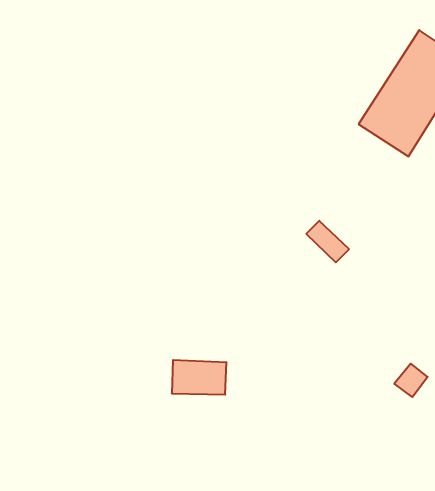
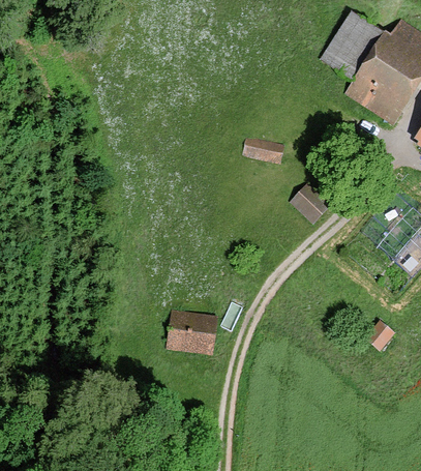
building: none -> [323,7,387,76]
building: none -> [244,134,283,163]

